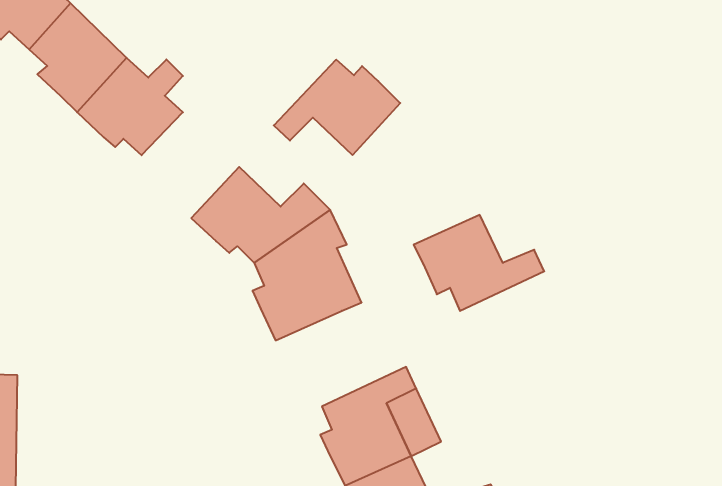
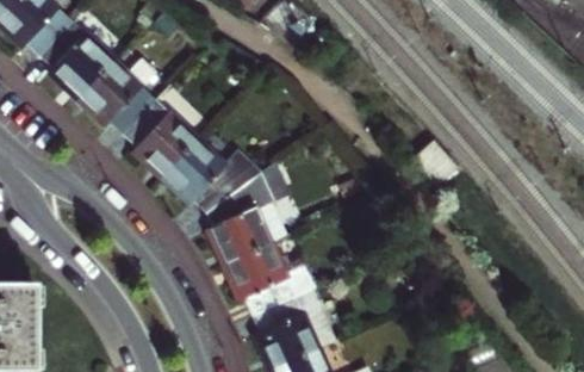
building: [274,60,400,155] -> none
building: none -> [125,99,195,175]
building: [414,215,544,311] -> [222,242,316,311]

